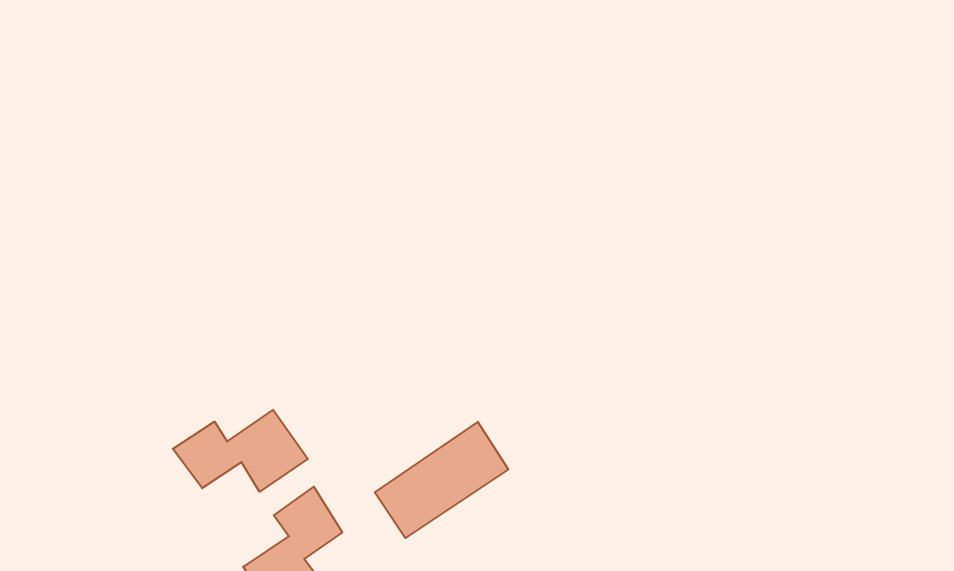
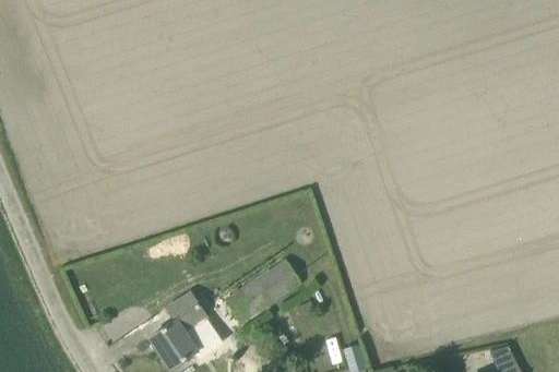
building: [173,410,308,492] -> none

